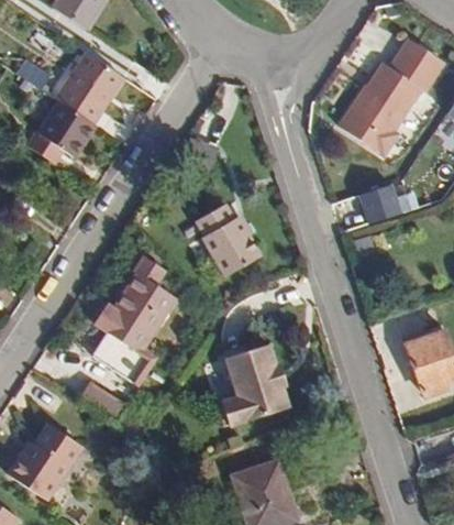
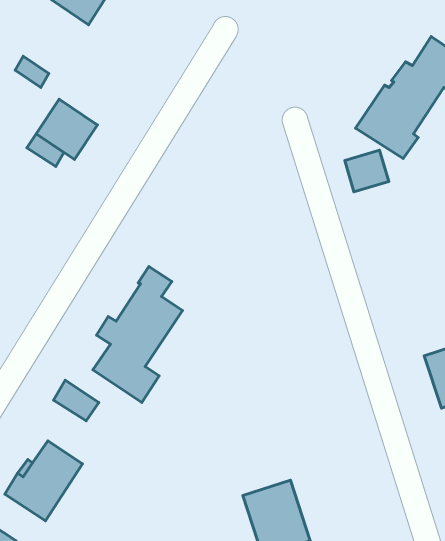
building: [55,53,122,123] -> none
building: [357,185,399,225] -> [345,150,389,192]
building: [195,205,259,276] -> none
building: [222,341,288,423] -> none

